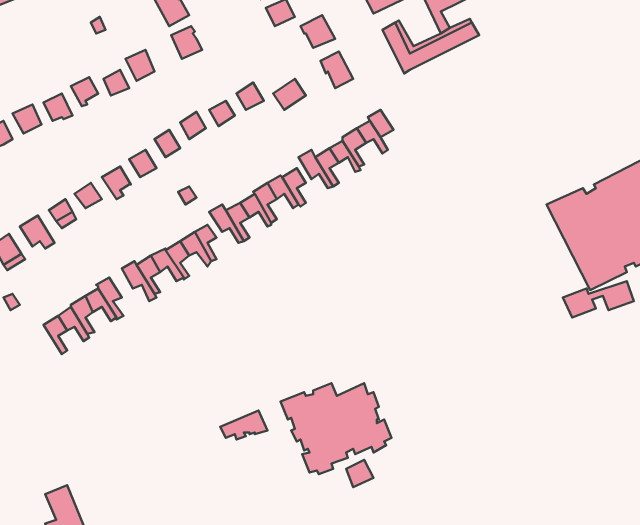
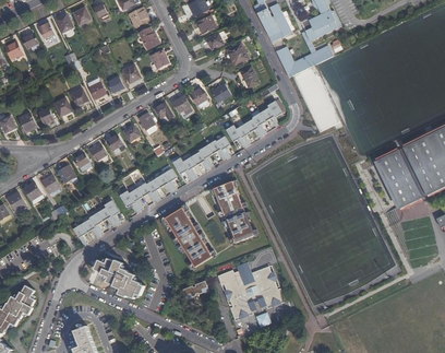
building: none -> [213,180,253,243]
building: none -> [165,207,212,266]
building: none -> [93,259,142,298]

